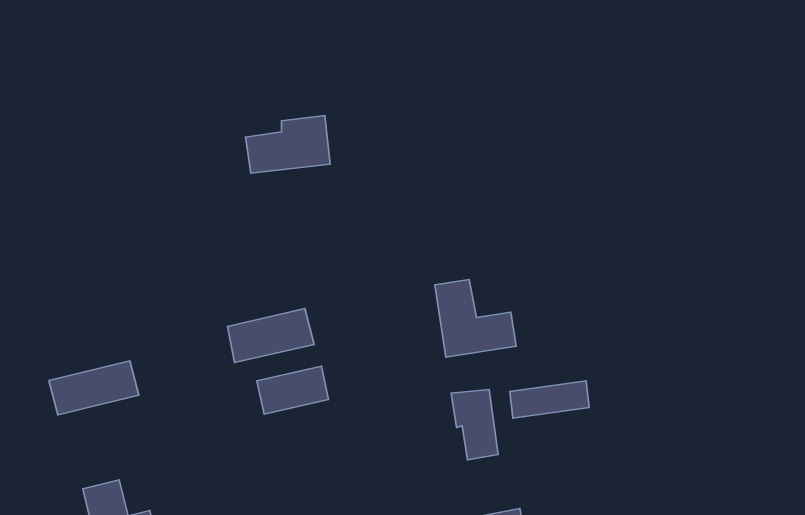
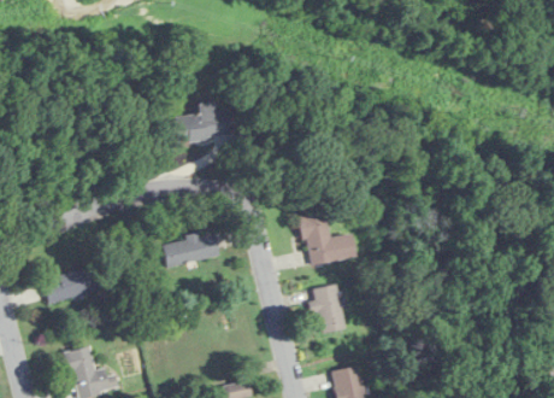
building: [257,366,329,414] -> none
building: [510,381,589,418] -> none

